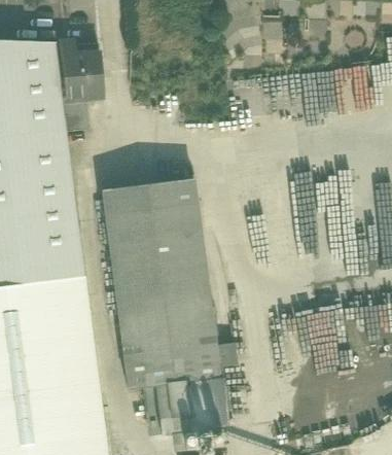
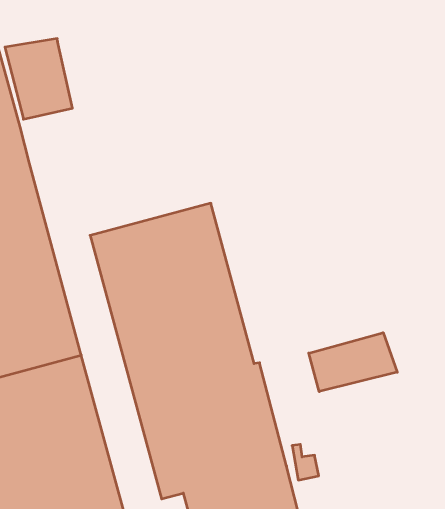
building: [62,101,88,131] -> none
building: none -> [309,333,397,392]

